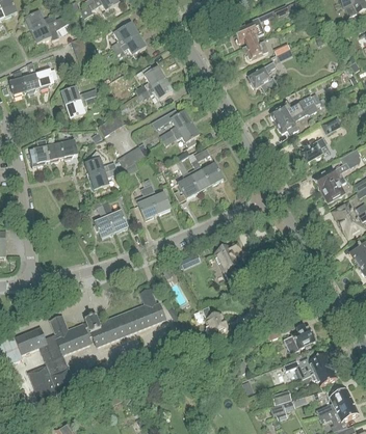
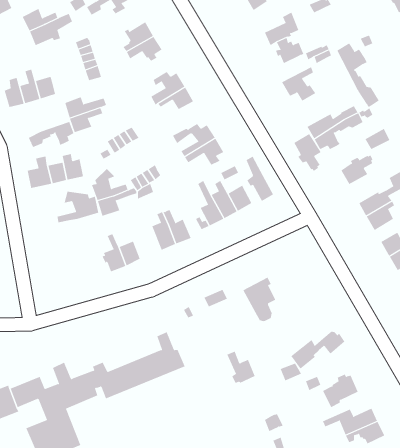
building: none -> [336,43,379,108]
building: none -> [28,121,74,148]
building: none -> [294,133,322,172]
building: none -> [246,156,274,202]
building: none -> [57,191,99,223]
building: none -> [291,331,345,370]

